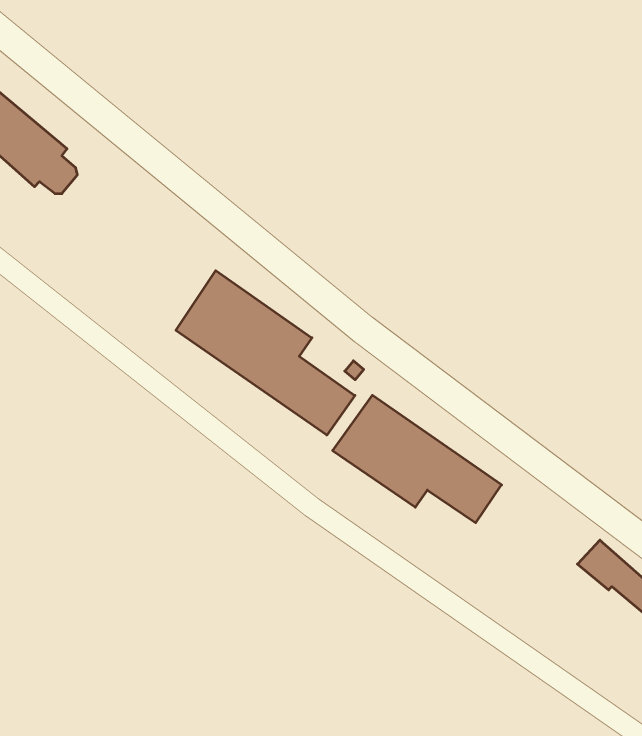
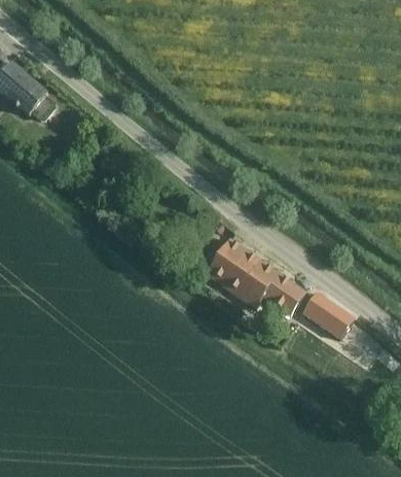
building: [176,271,355,435] -> none
building: none -> [301,292,354,339]

